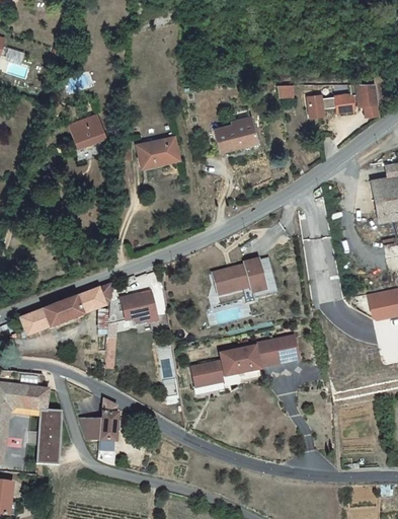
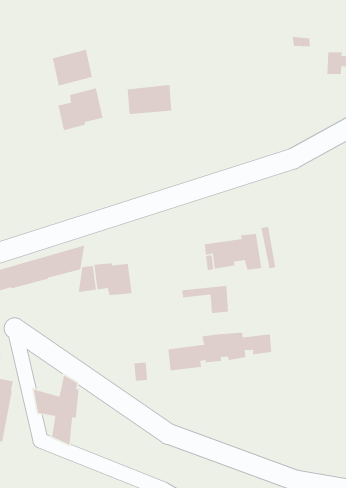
building: [212,119,255,153] -> none
building: none -> [58,87,104,131]
building: [255,335,299,361] -> [181,285,229,314]

